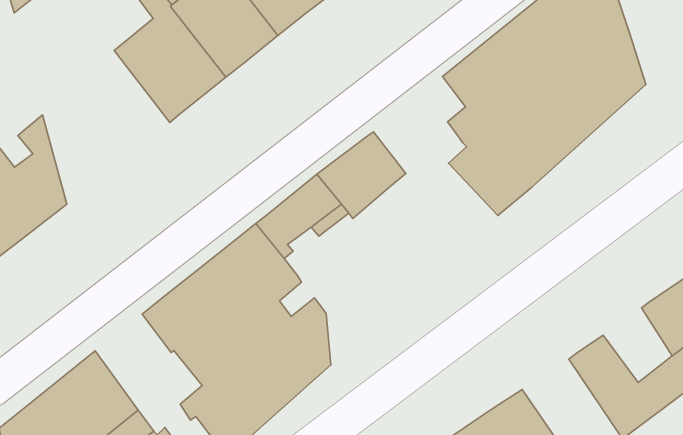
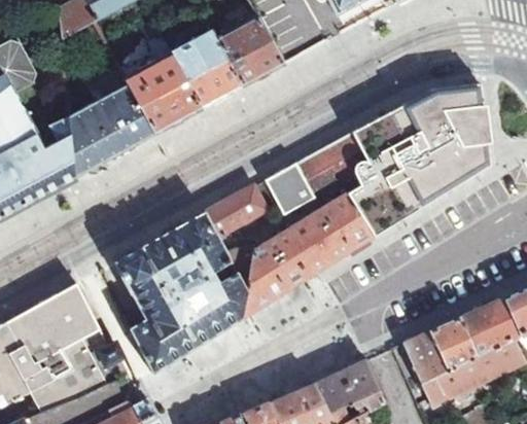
building: none -> [68,66,155,177]
building: none -> [295,134,362,197]
building: none -> [225,195,372,320]
building: none -> [430,318,476,369]

